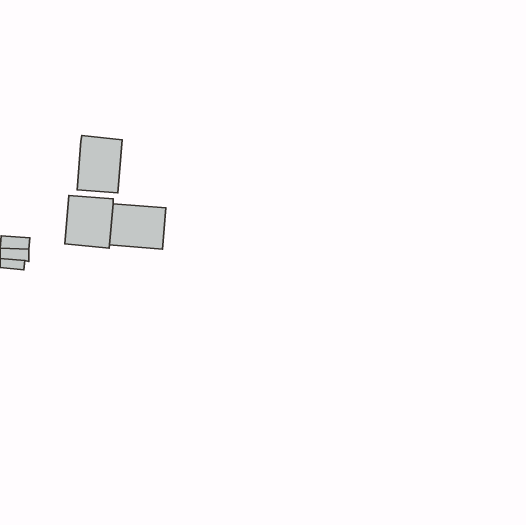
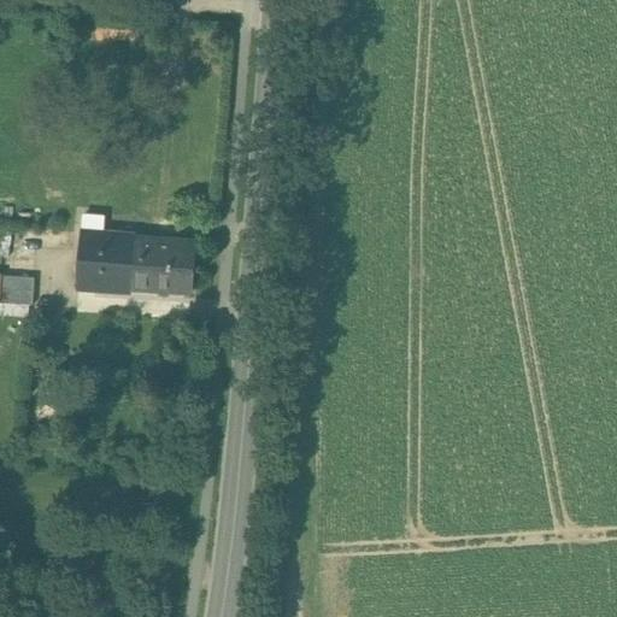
building: [77,136,122,193] -> none

